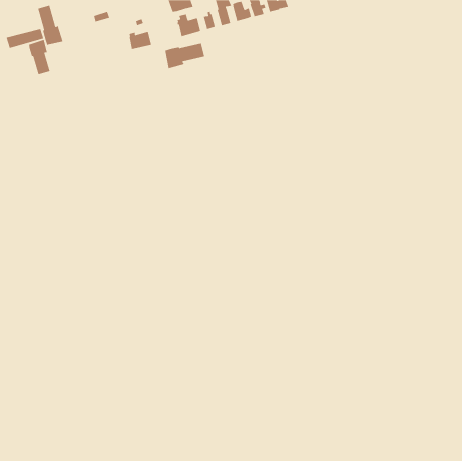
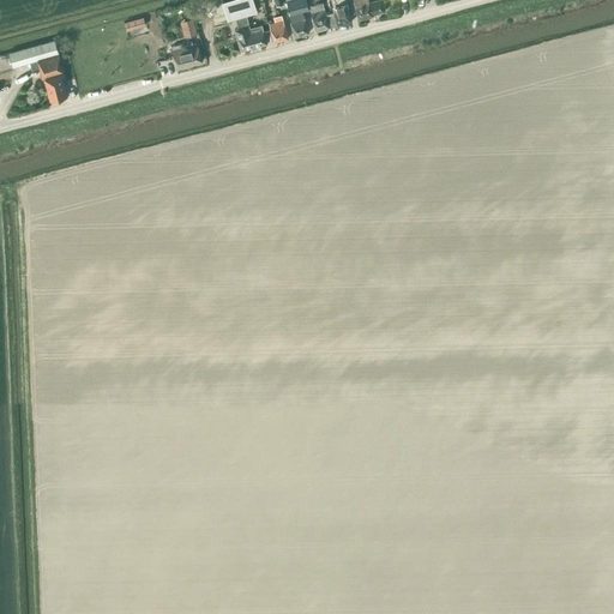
building: [37,5,63,46] -> none
building: [164,42,205,69] -> none

